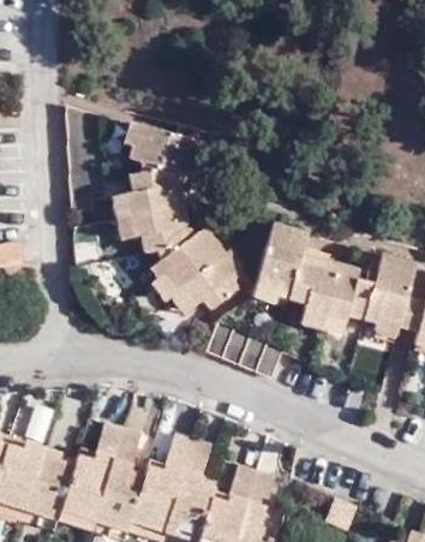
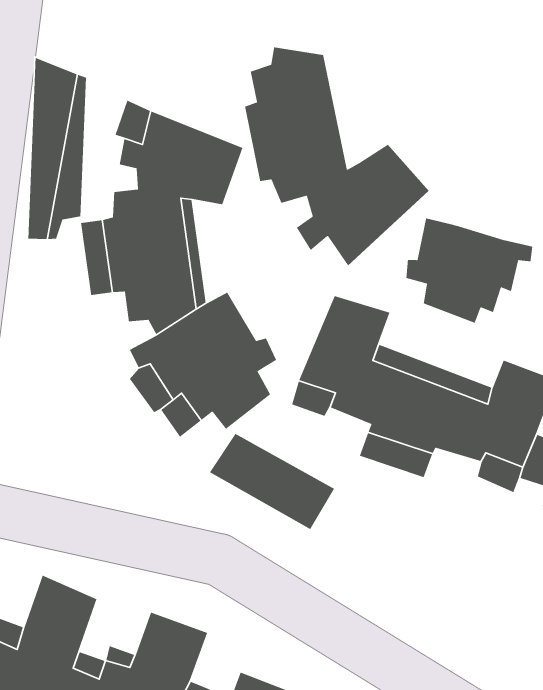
building: none -> [244,46,430,266]
building: none -> [405,218,533,324]

